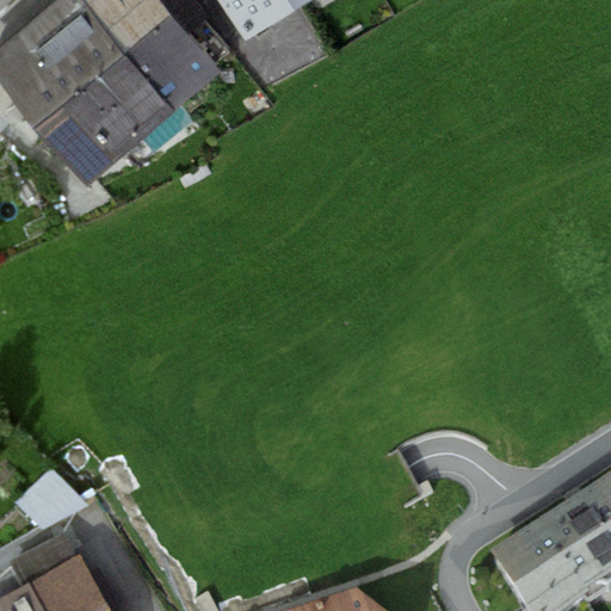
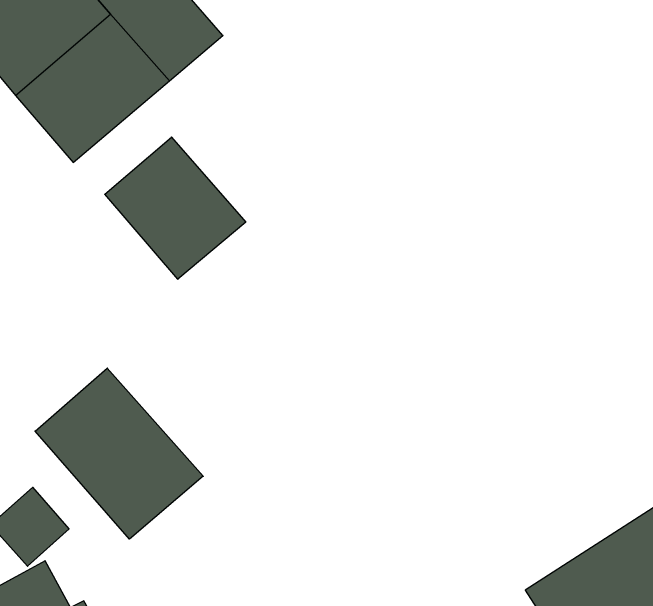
building: none -> [105,137,246,279]
building: none -> [35,368,203,539]

